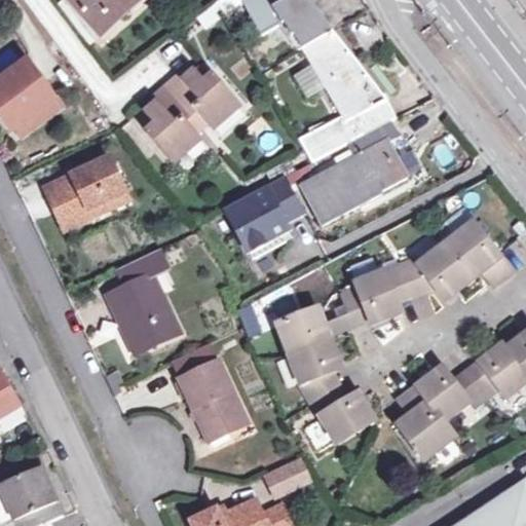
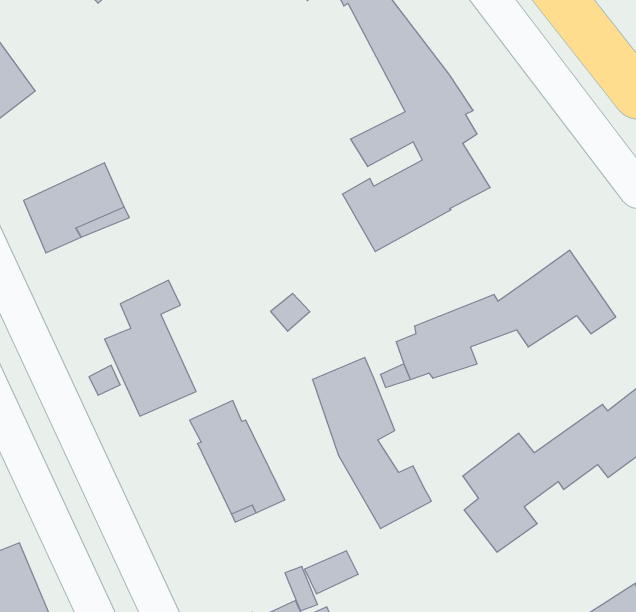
building: [146,70,236,155] -> none
building: [222,175,310,255] -> none

